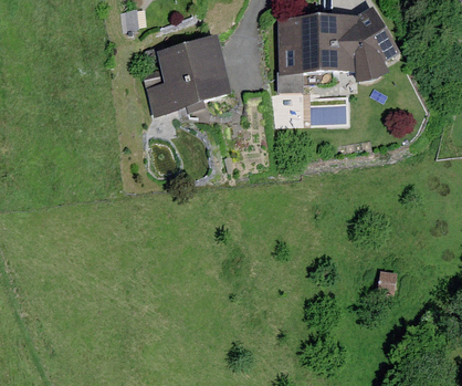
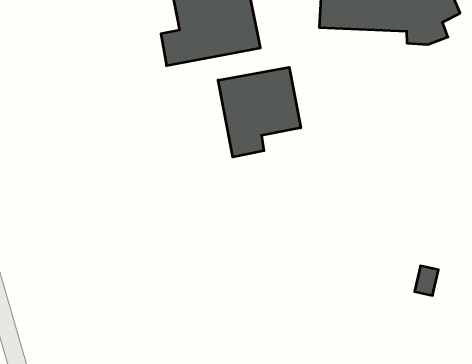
building: none -> [218,67,301,157]

